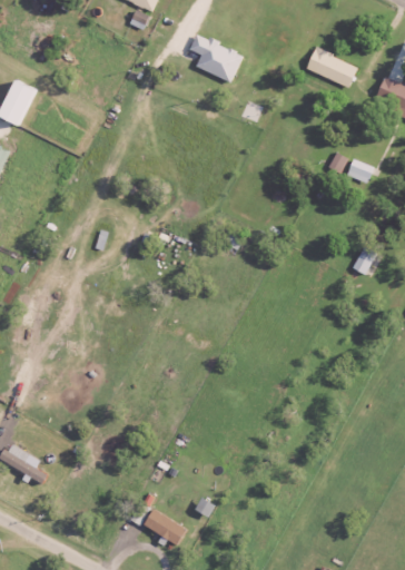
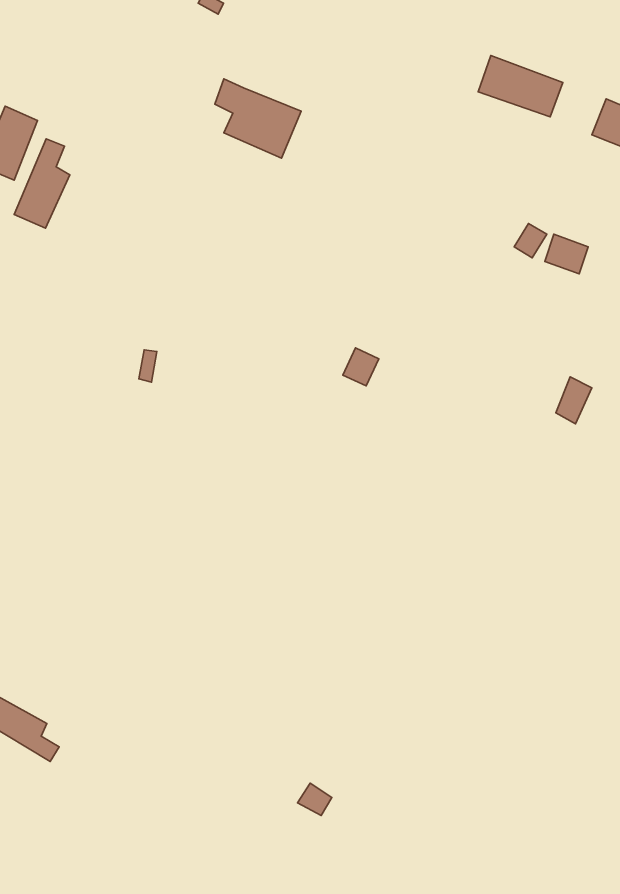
building: [189,33,243,82] -> [215,79,301,158]
building: none -> [14,139,70,228]
building: [144,509,186,544] -> none

